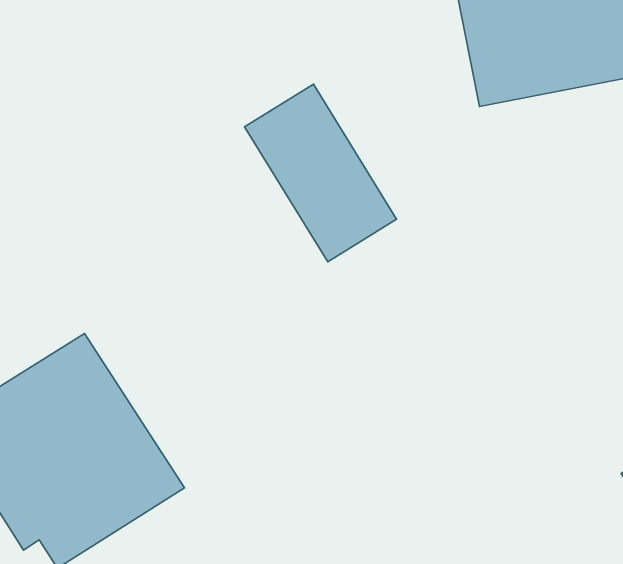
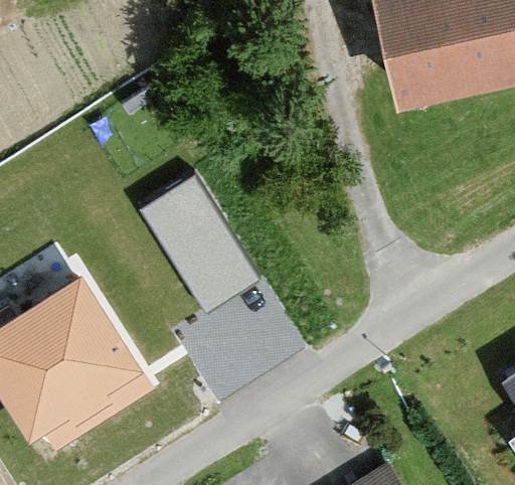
building: [245,84,397,262] -> [146,164,264,302]

